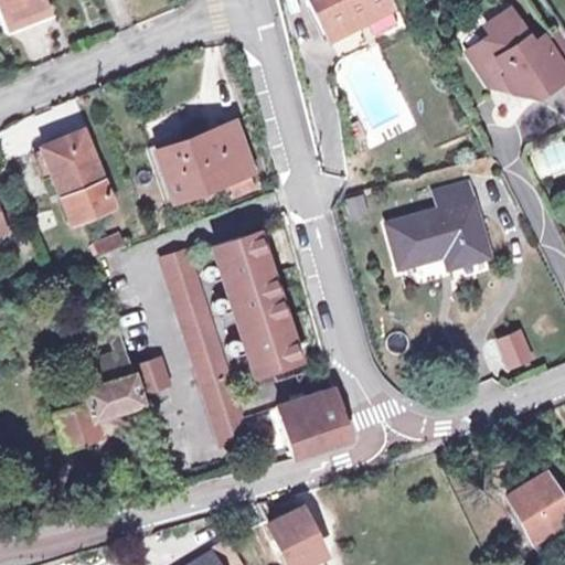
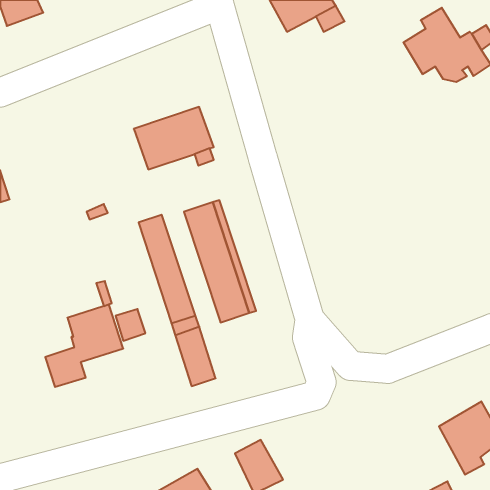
building: [43,131,114,223] -> none
building: [387,188,490,268] -> none
building: [495,331,533,373] -> none
building: [278,394,355,460] -> none

